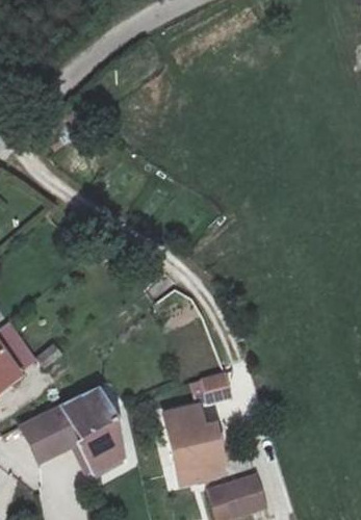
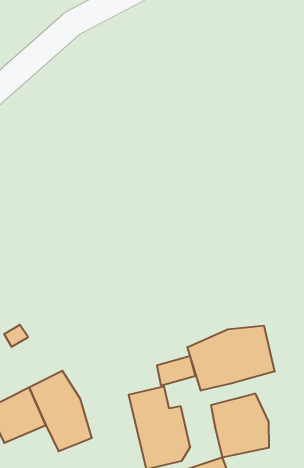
building: none -> [187,326,275,391]
building: none -> [211,393,269,458]

